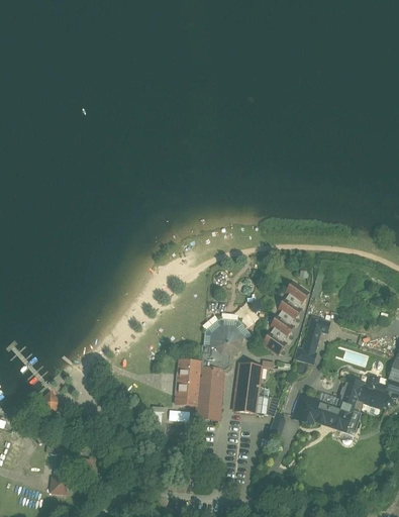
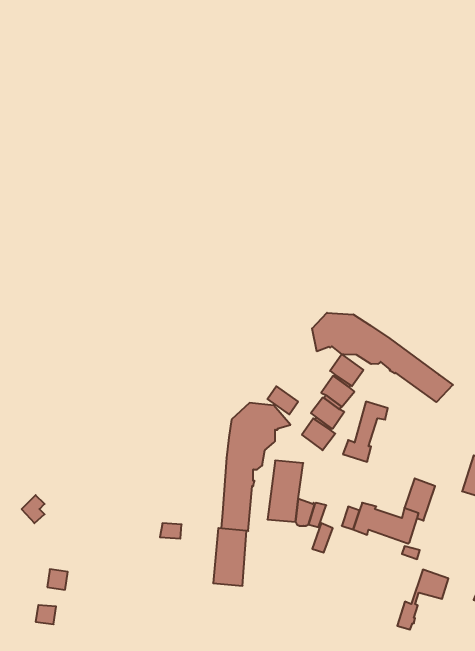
building: none -> [312,313,453,402]
building: [175,359,201,405] -> [213,528,246,586]
building: [345,384,386,431] -> [397,570,448,630]

